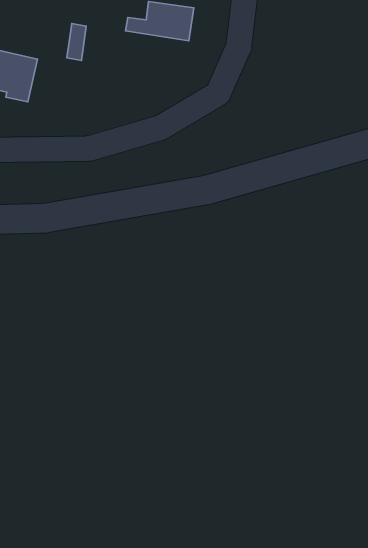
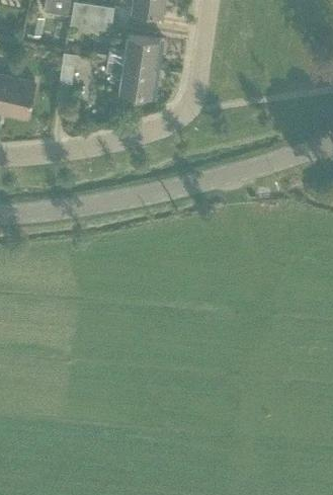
building: none -> [104,59,159,99]

